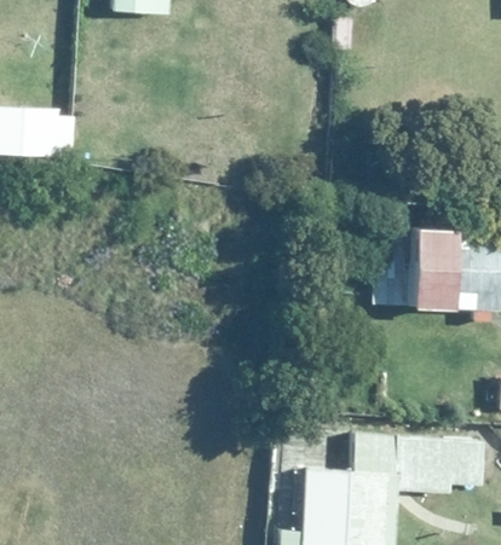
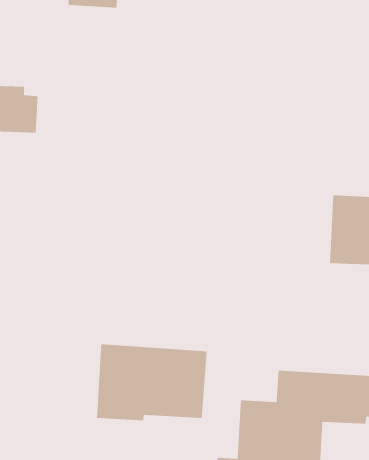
building: none -> [96,344,207,421]

